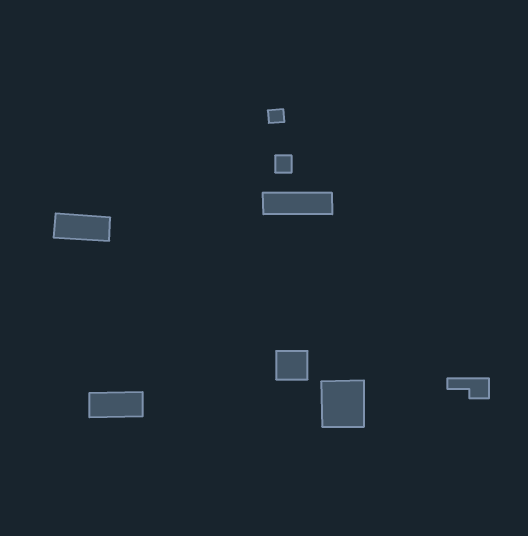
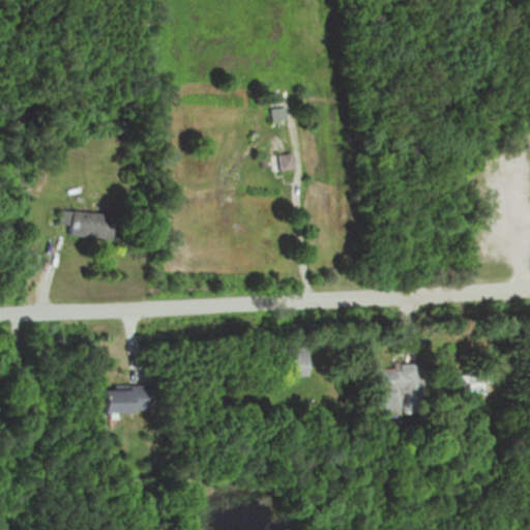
building: [263,193,332,214] -> none
building: [321,380,364,427] -> [382,363,424,409]

